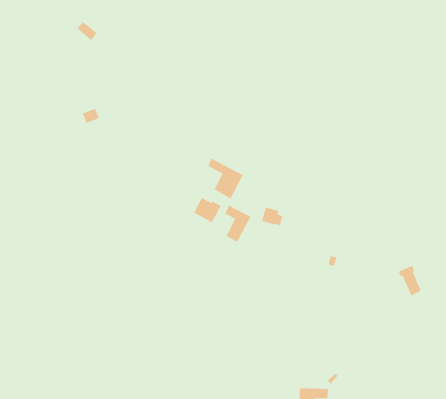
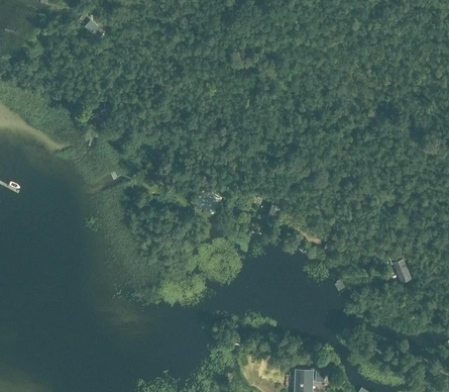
building: [207,158,244,199] -> none
building: [225,205,251,243] -> none

